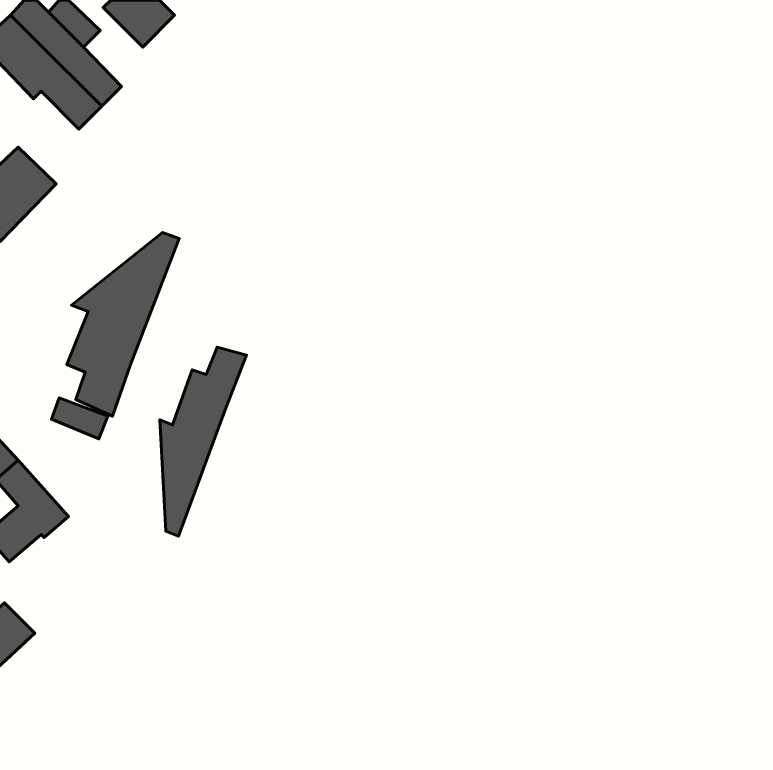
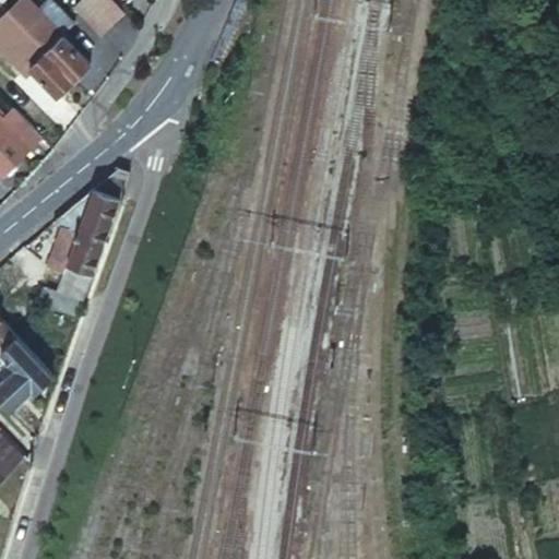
building: [160,347,247,536] -> none

